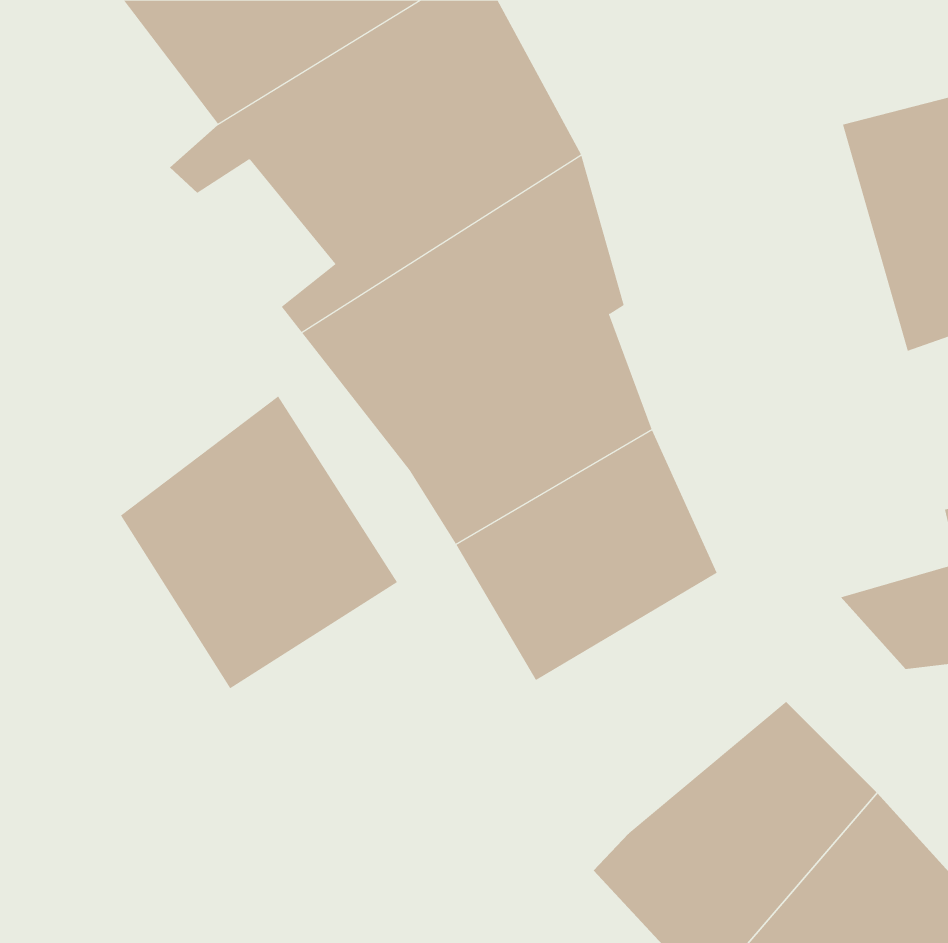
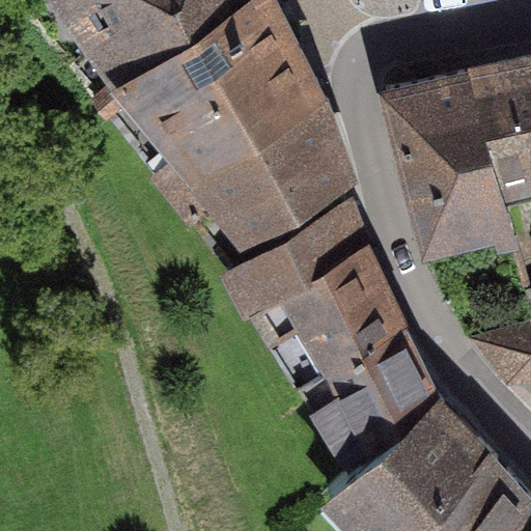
building: none -> [389,74,514,245]
building: [120,395,398,689] -> none
building: none -> [300,324,440,469]

